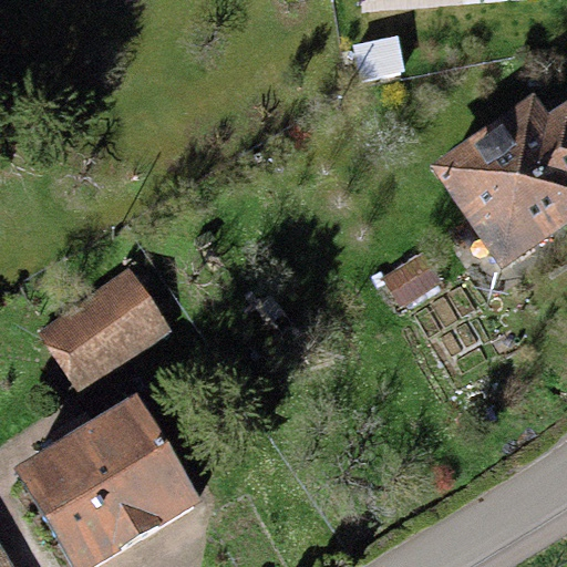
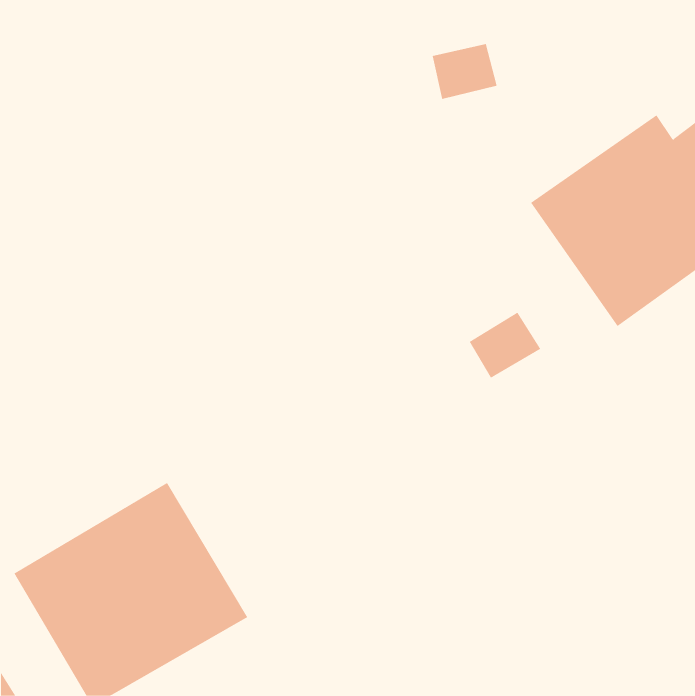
building: [35,269,172,393] -> none

